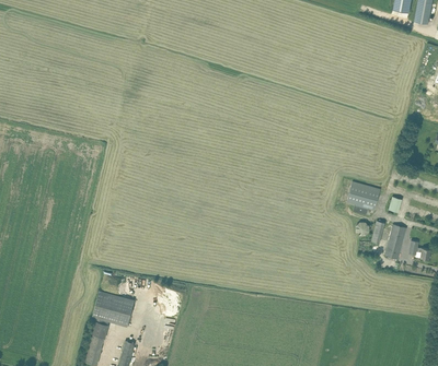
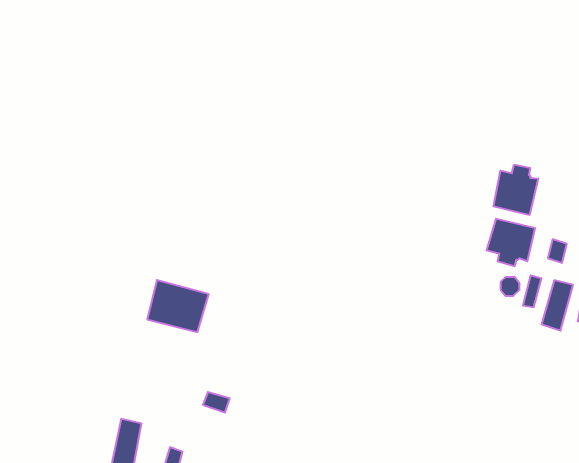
building: none -> [494,165,538,215]
building: [92,290,135,326] -> [147,280,209,332]

